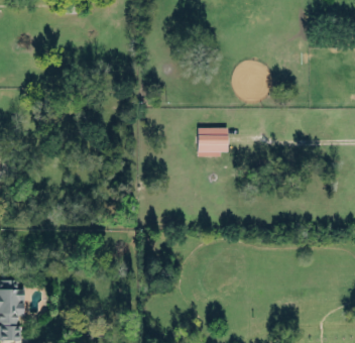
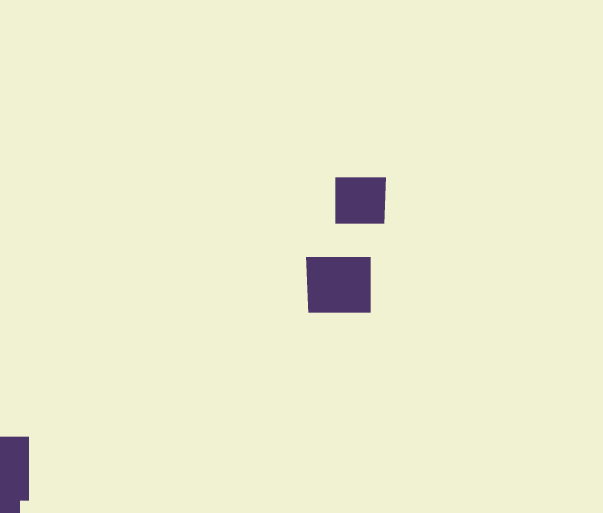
building: none -> [306,256,371,313]

